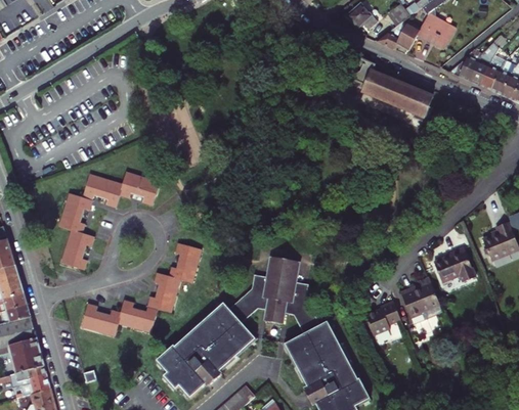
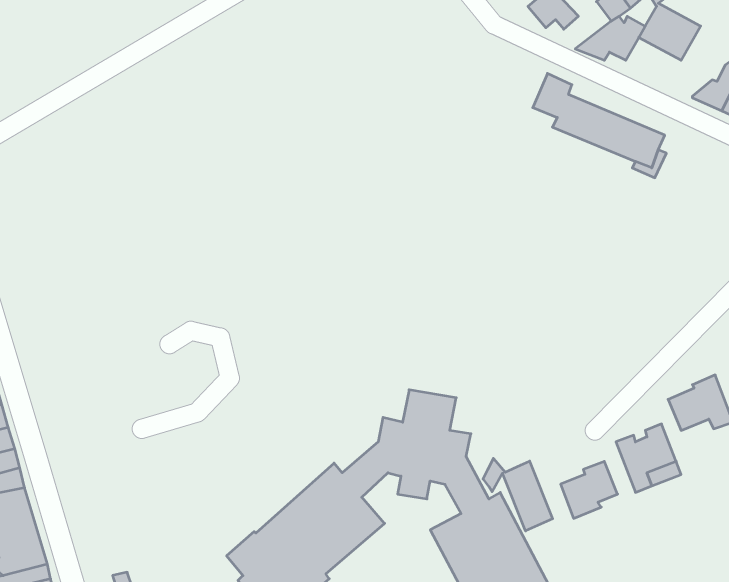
building: [58,172,160,270] -> none
building: [81,242,202,336] -> none
building: none -> [483,458,553,531]

